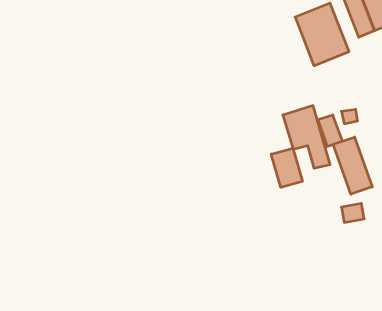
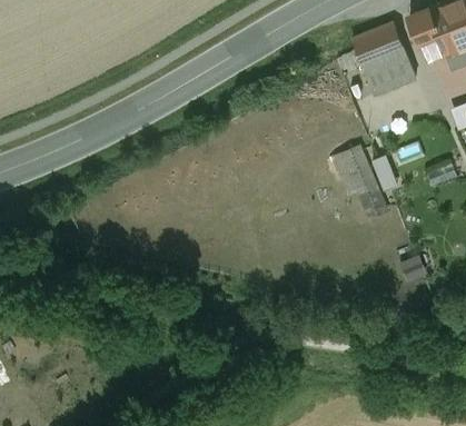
building: [333,137,372,194] -> none
building: [271,148,302,187] -> none

